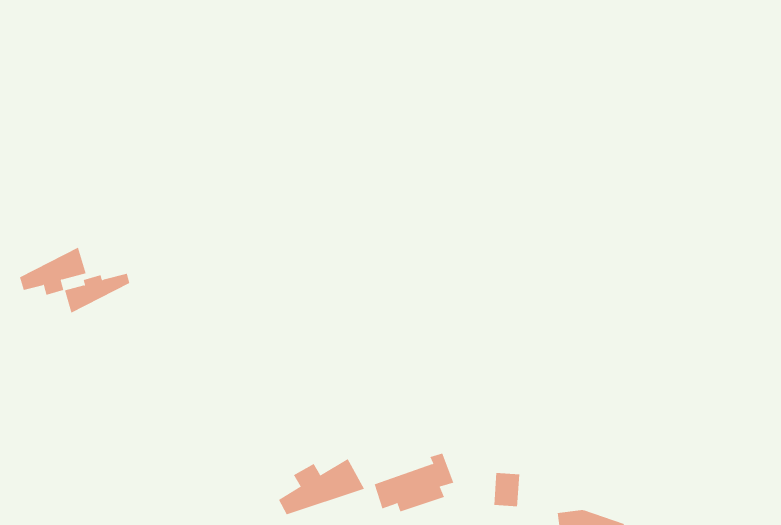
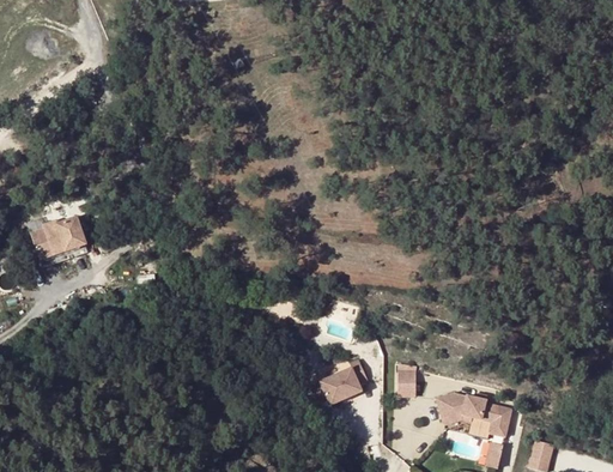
building: [64,273,130,313] -> [32,218,80,250]
building: [278,458,365,515] -> none

